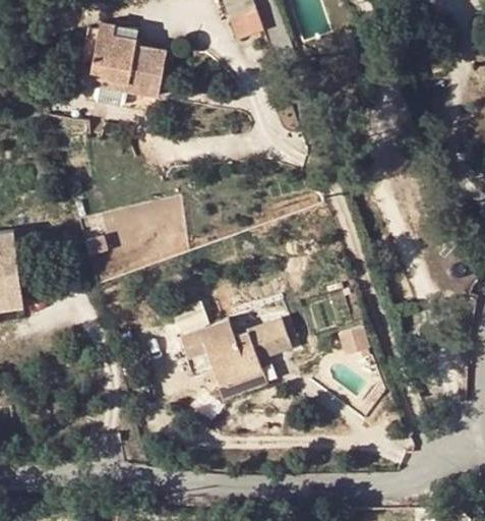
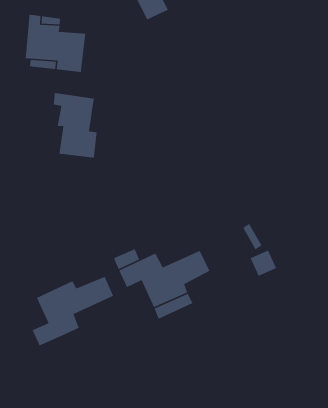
building: none -> [53,92,98,159]
building: none -> [31,276,114,347]

